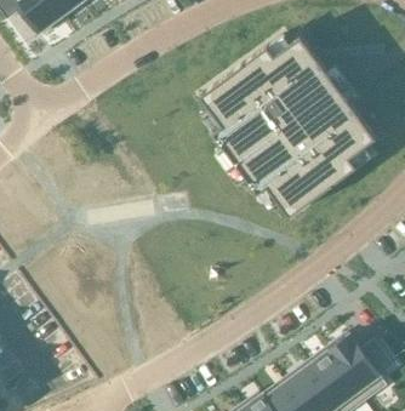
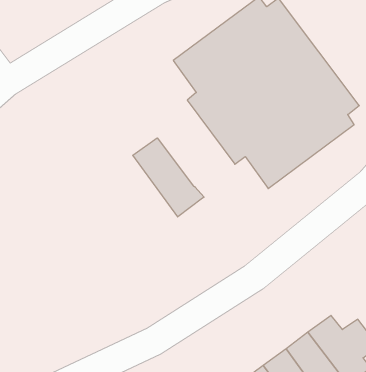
building: none -> [133,138,204,217]

